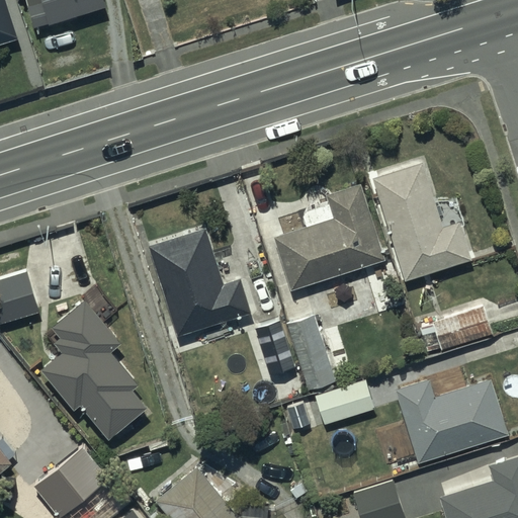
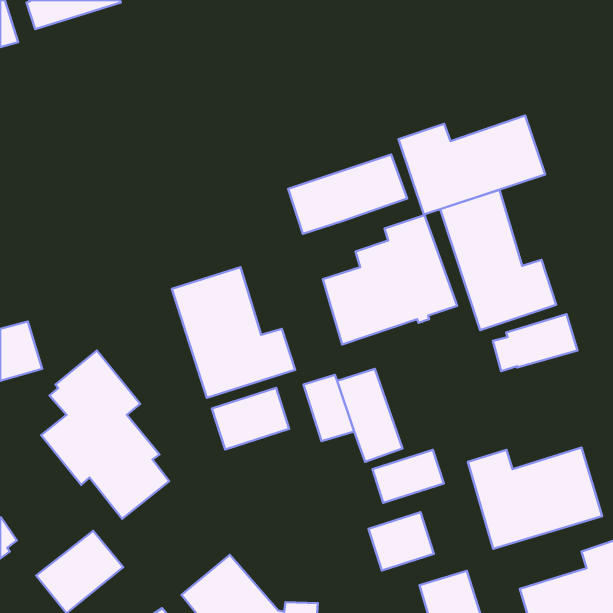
building: none -> [398,116,545,214]
building: none -> [288,154,407,234]
building: [421,307,492,354] -> [493,314,577,371]
building: none -> [212,388,289,450]
building: none -> [369,512,434,570]

